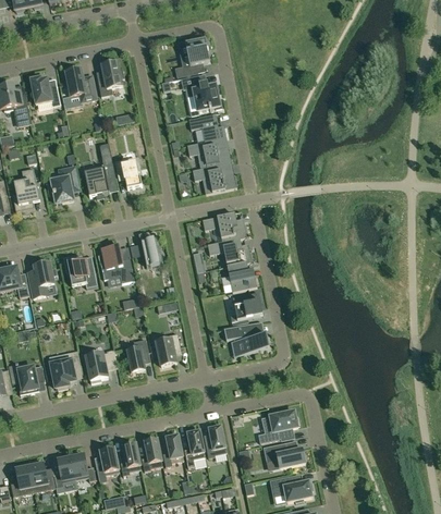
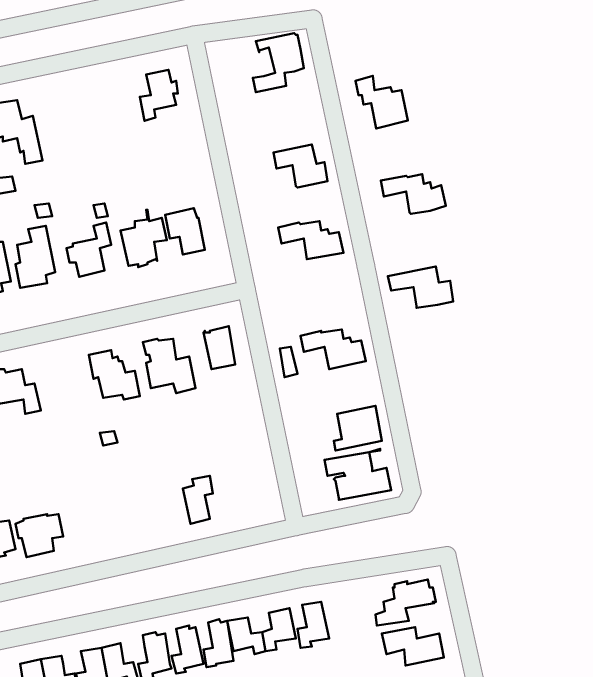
building: [65,66,96,100] -> none
building: [183,74,219,110] -> [355,76,408,129]
building: [30,76,60,106] -> none
building: [186,139,231,167] -> [381,174,446,214]
building: [201,212,246,241] -> [388,266,453,308]
building: [27,261,53,296] -> none
building: [226,261,256,291] -> none
building: [156,332,180,365] -> none
building: [85,348,117,381] -> none
building: [50,350,81,389] -> none

